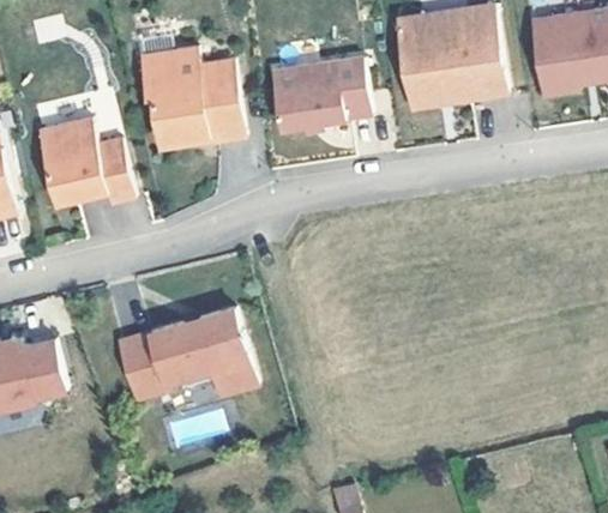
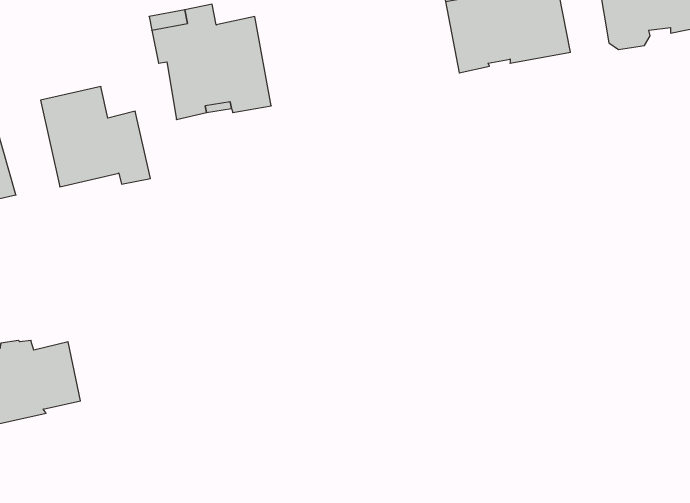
building: [270,58,369,128] -> none
building: [118,307,257,402] -> none

